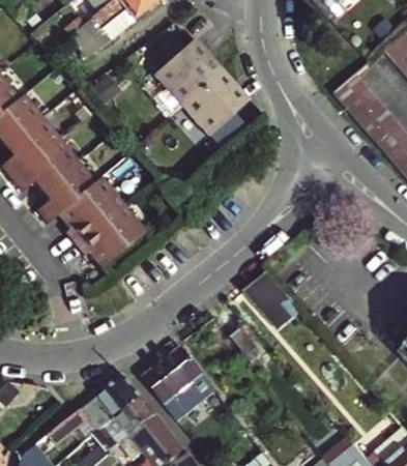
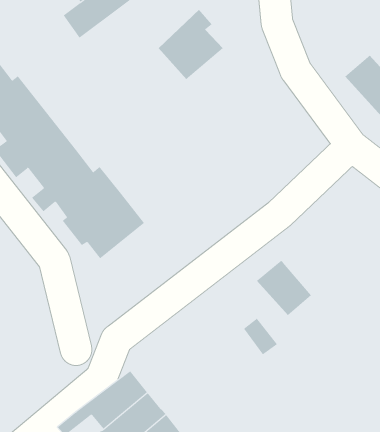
building: [180,69,248,130] -> none
building: [145,347,217,418] -> none

